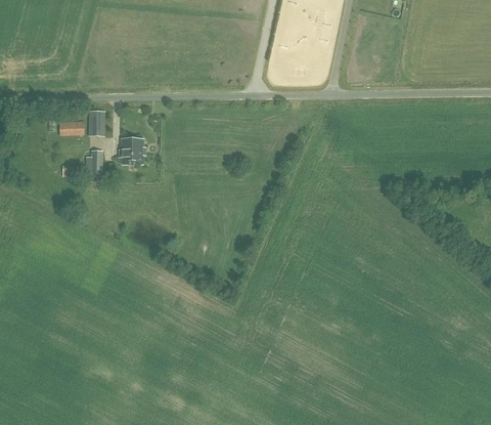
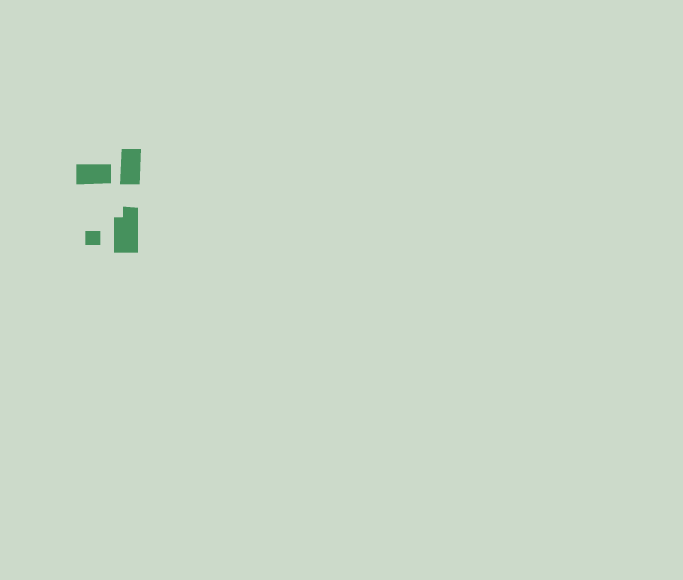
building: [121,138,141,163] -> none

